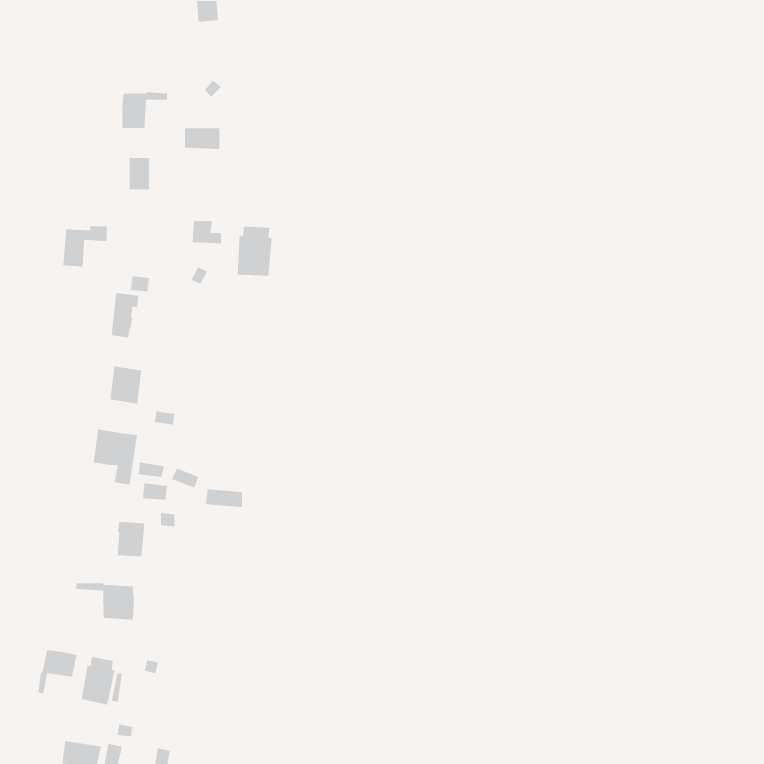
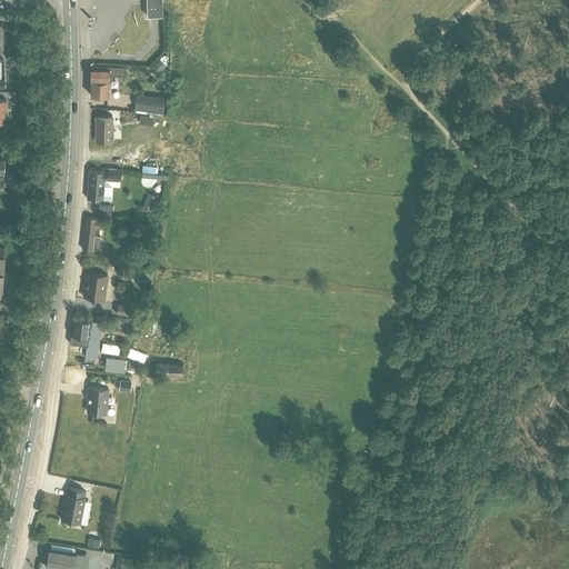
building: [62,225,107,267] -> [87,170,120,201]
building: [237,226,273,276] -> none
building: [75,582,135,620] -> none
building: [37,649,77,694] -> none

